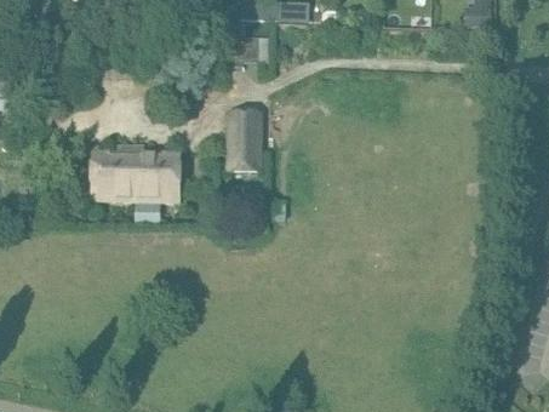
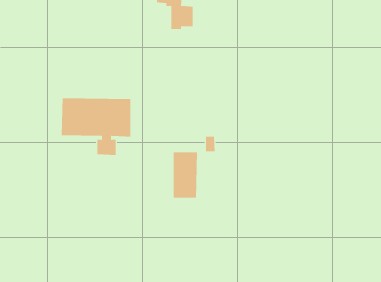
building: [229,111,261,170] -> [173,152,198,198]

